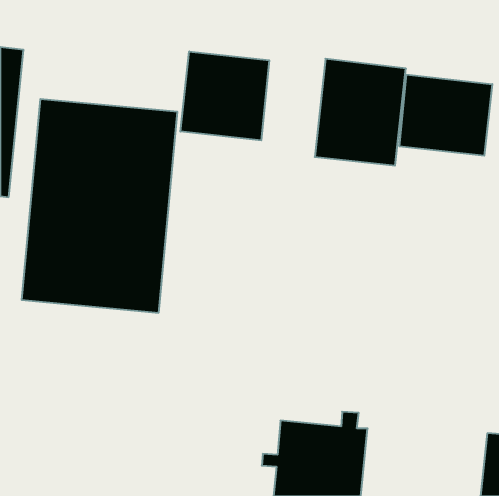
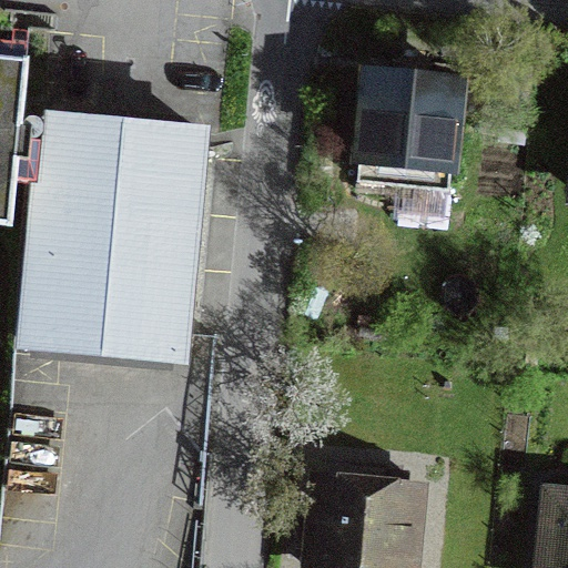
building: [180,51,269,140] -> none
building: [399,75,492,156] -> none

